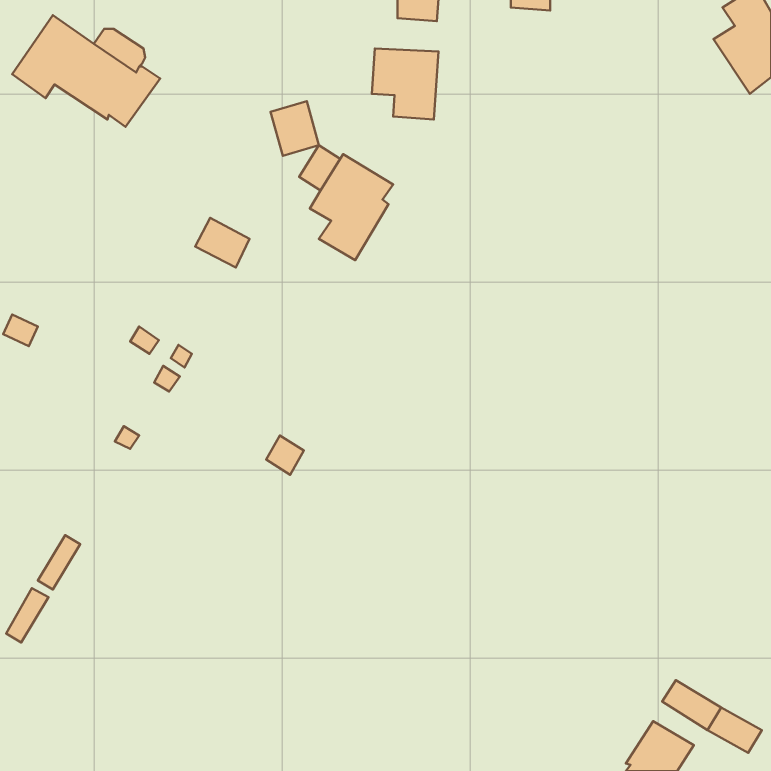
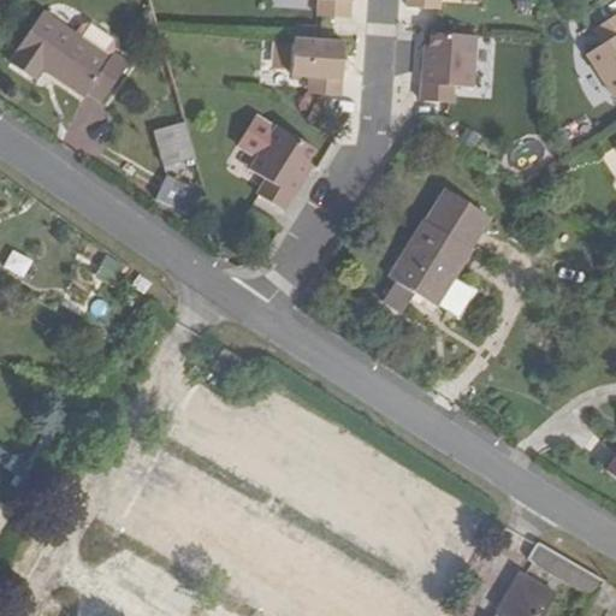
building: none -> [419,32,474,102]
building: [271,101,319,156] -> [154,120,192,164]
building: none -> [390,189,490,303]

